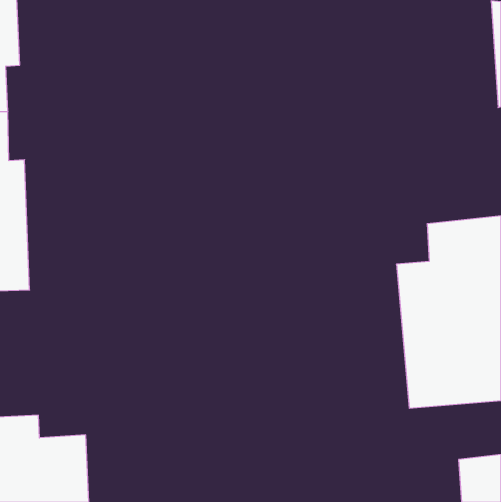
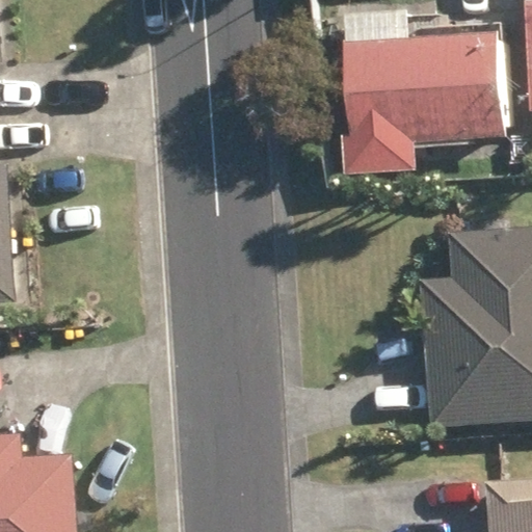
building: none -> [340,14,503,147]

